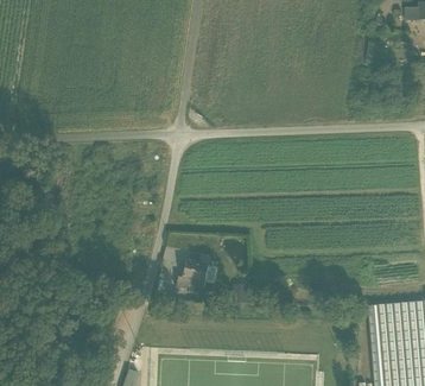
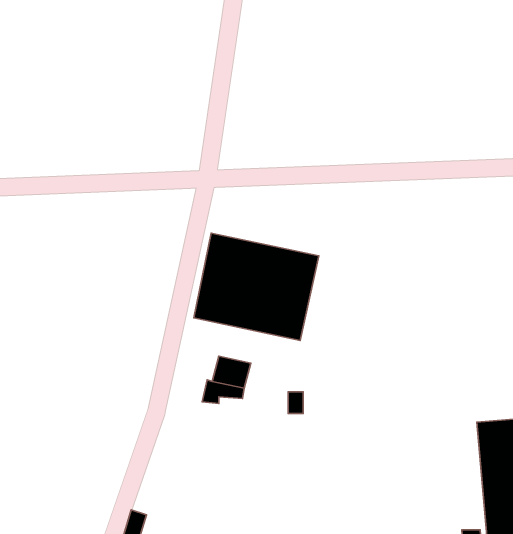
building: none -> [194,233,319,340]

